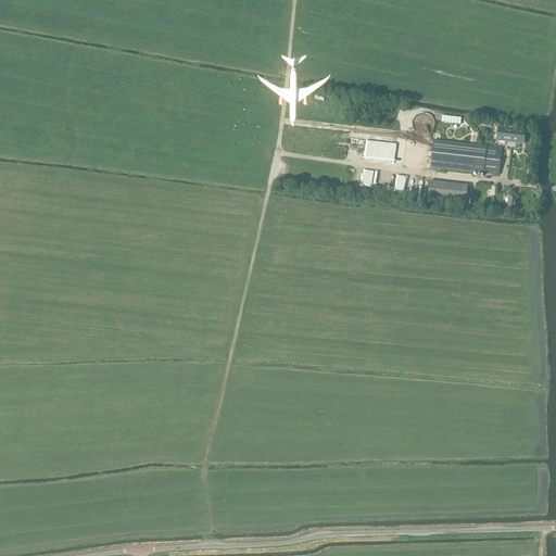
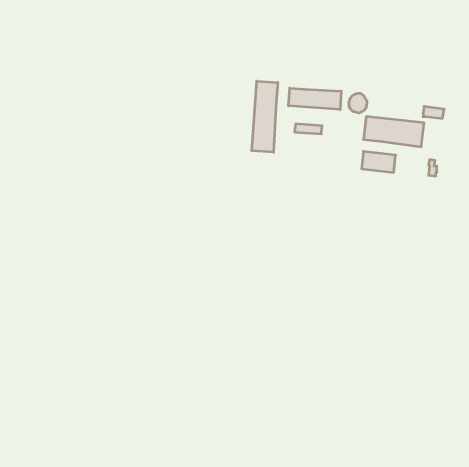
building: none -> [252,81,278,152]
building: none -> [289,88,341,110]

